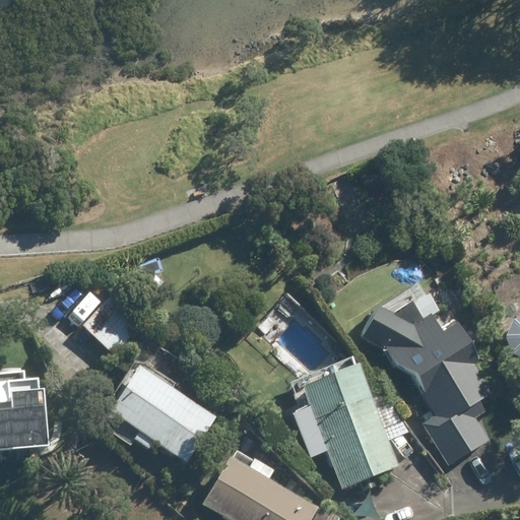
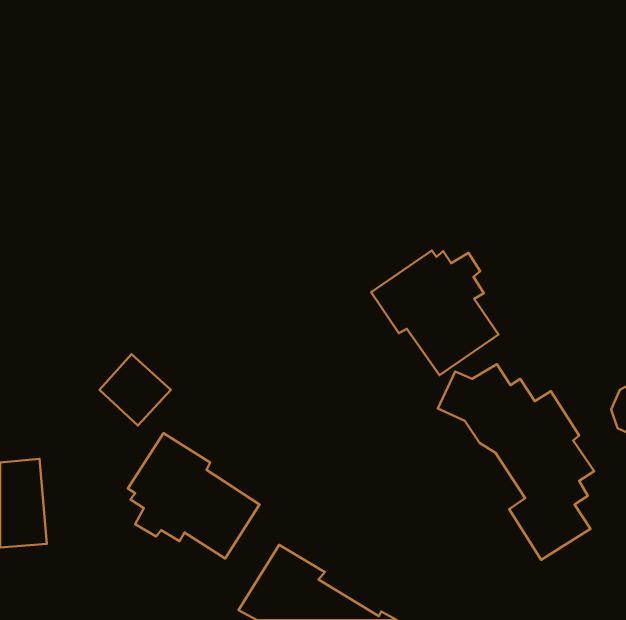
building: none -> [371,250,499,375]
building: [291,366,395,486] -> none

